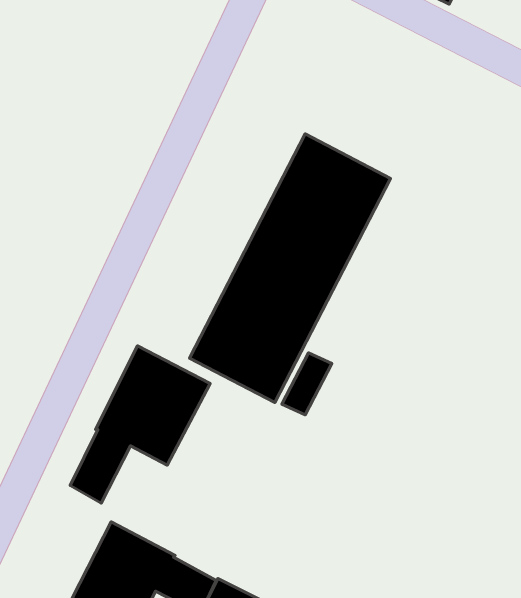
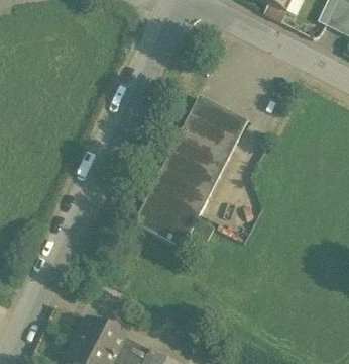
building: [70,346,210,503] -> none

